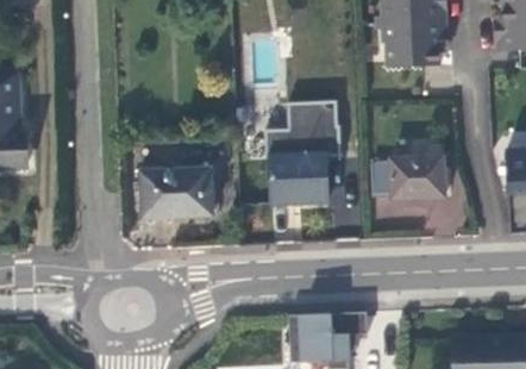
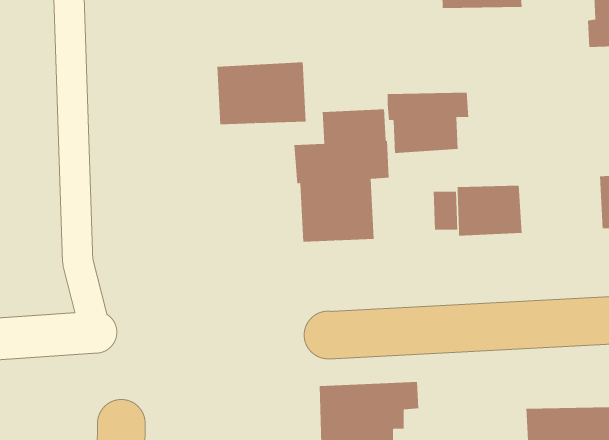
building: [382,18,447,67] -> [387,92,469,154]
building: [142,169,213,219] -> [217,62,306,125]

